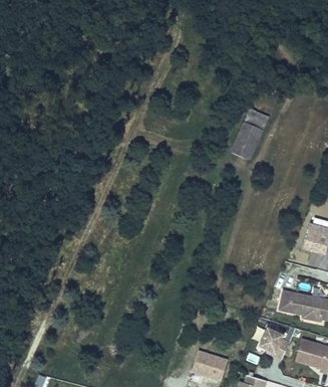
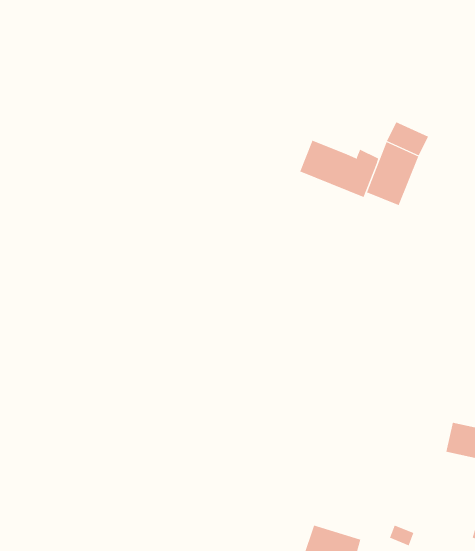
building: none -> [299,140,379,198]
building: [260,326,289,358] -> none

